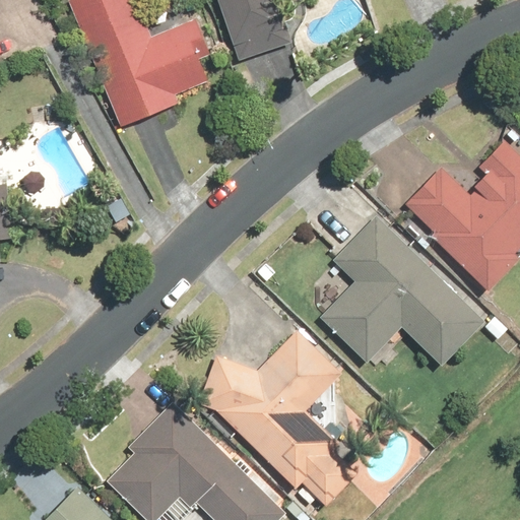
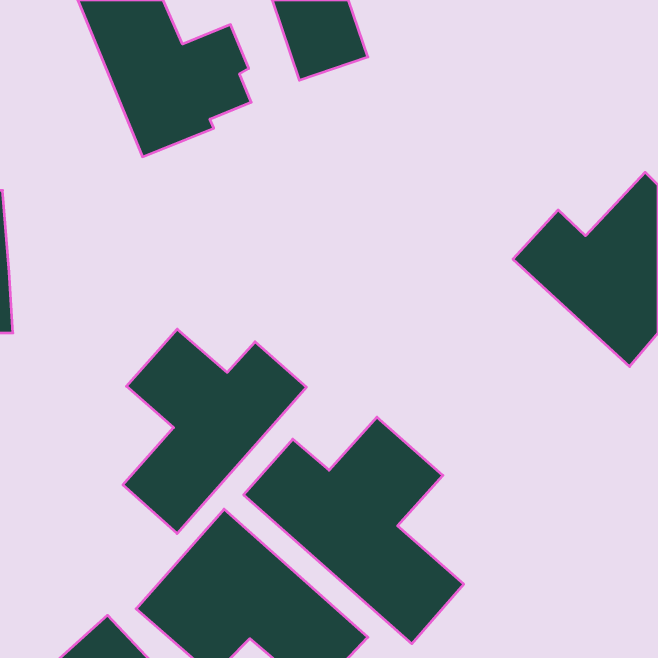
building: [318,214,491,370] -> none
building: none -> [123,329,306,534]

